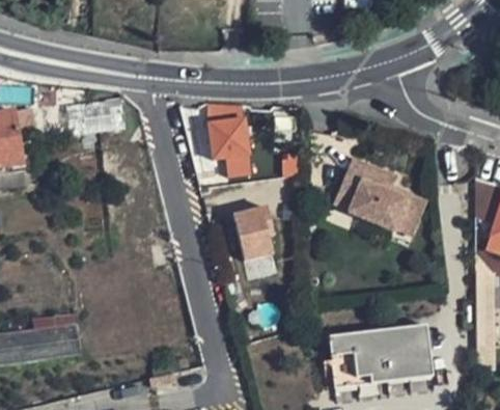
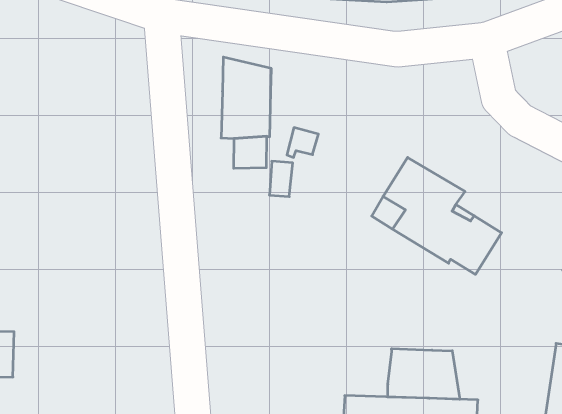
building: [238,203,276,274] -> none
building: none -> [388,349,460,399]

